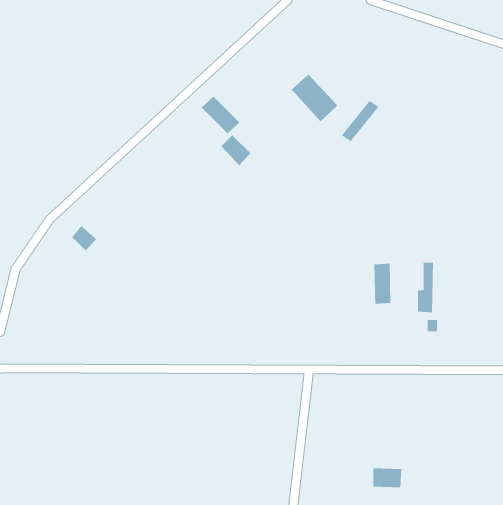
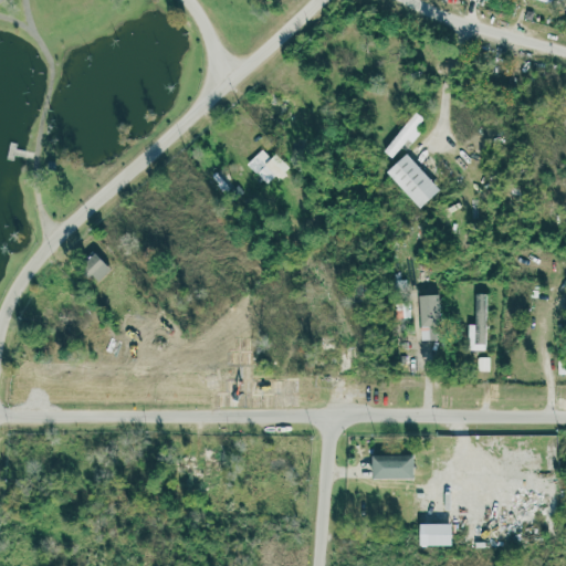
building: [291,74,338,122] -> [389,154,442,208]
building: [201,96,240,134] -> none
building: none -> [371,454,412,479]

